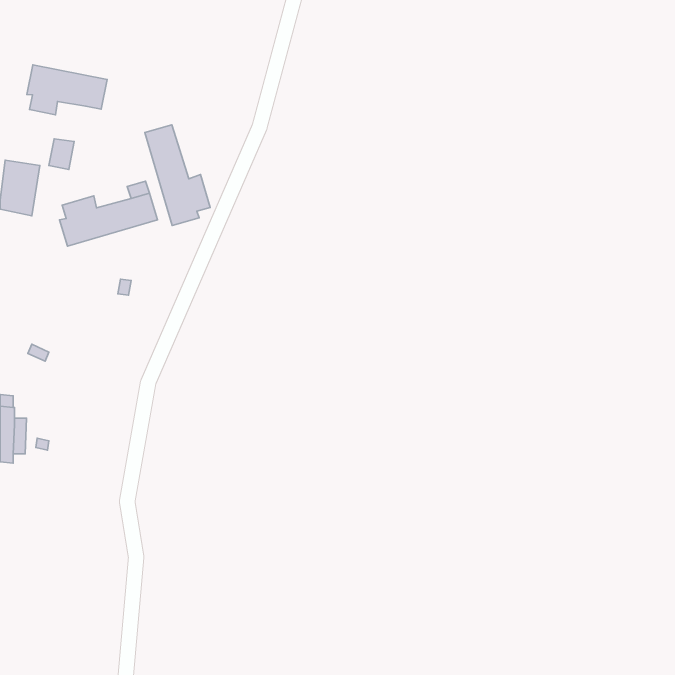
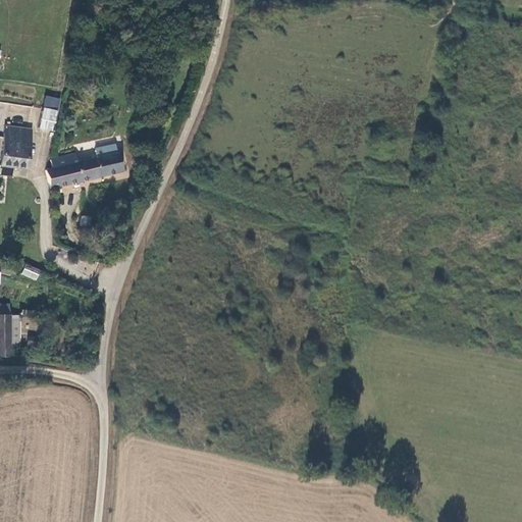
building: [27,65,107,115] -> none
building: [145,125,210,226] -> none

